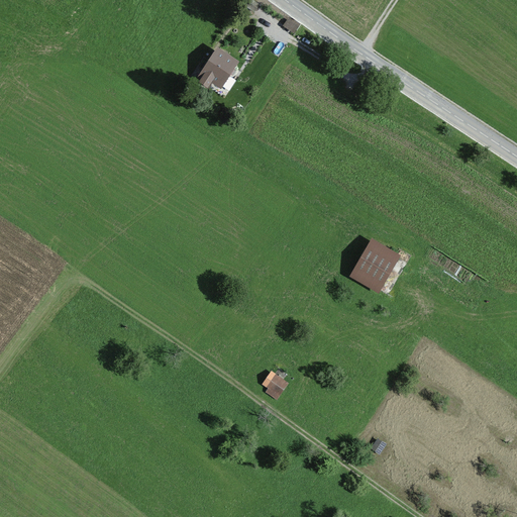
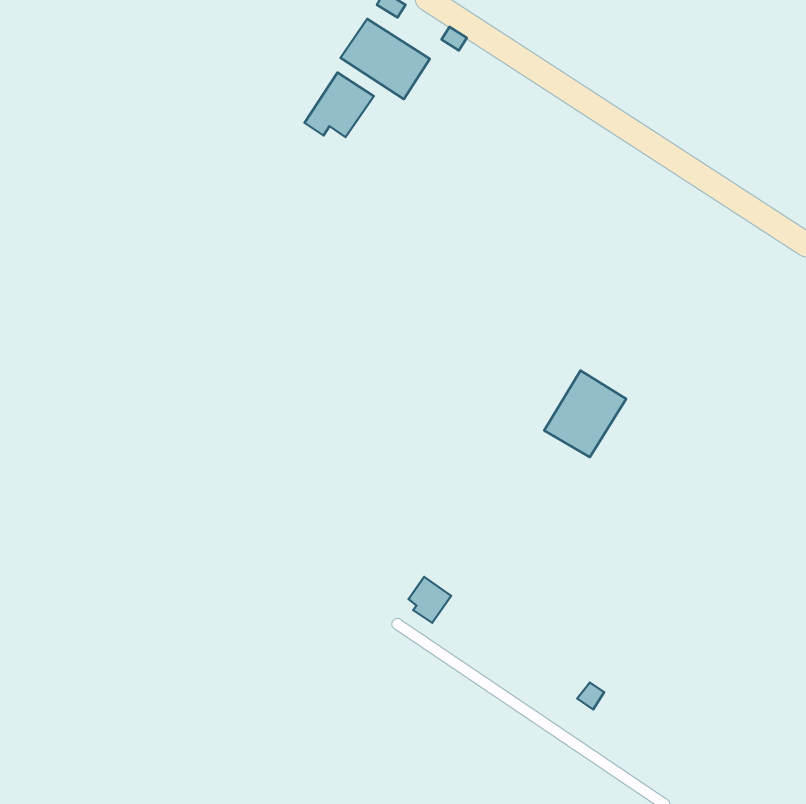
building: none -> [341,19,430,99]

